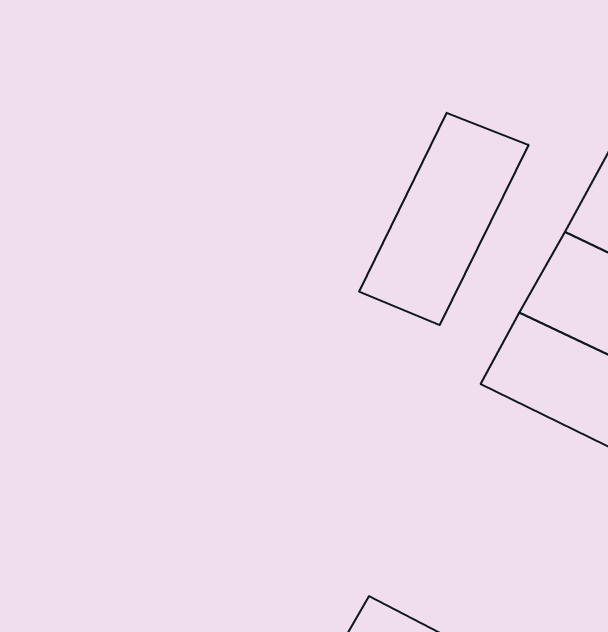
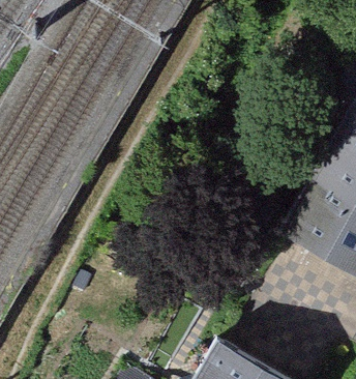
building: [359,113,528,325] -> none

